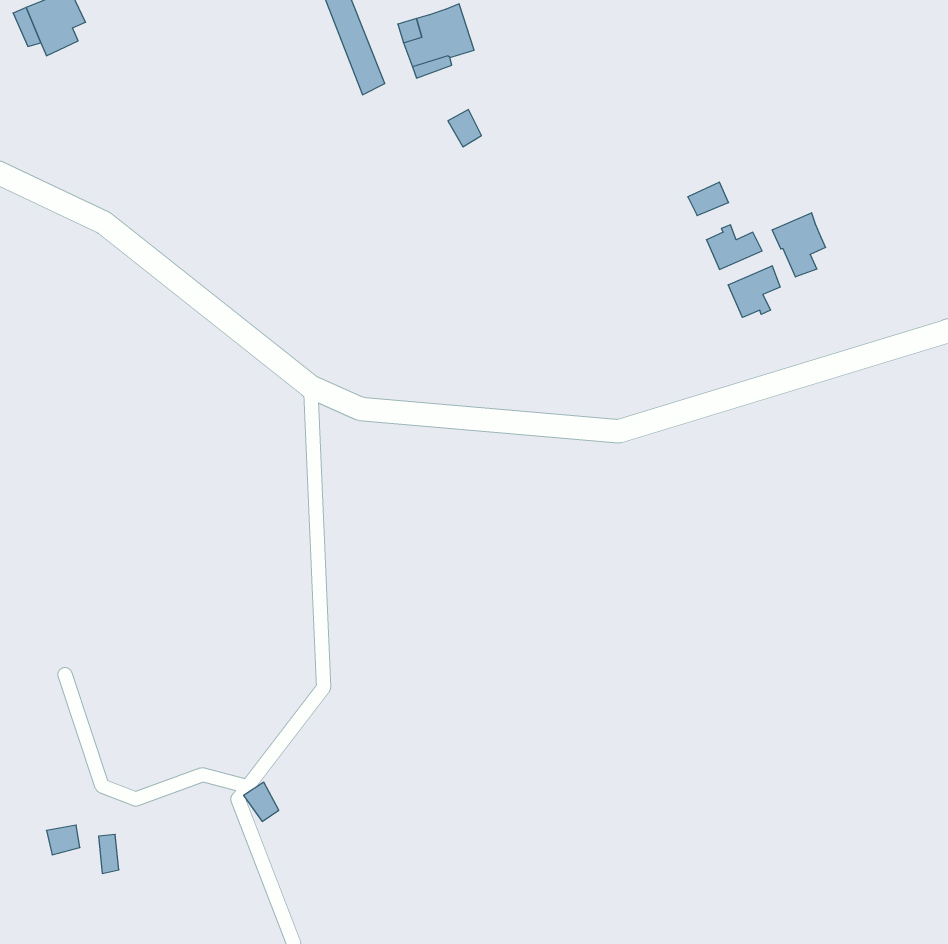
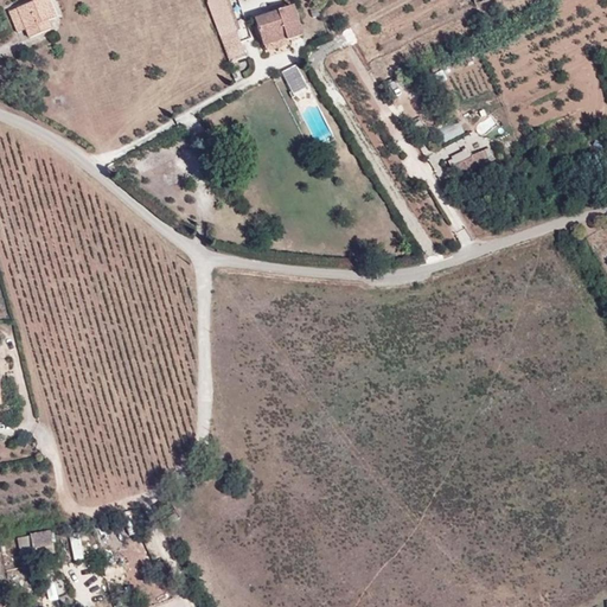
building: [772,213,826,277] -> none
building: [728,266,780,317] -> none

